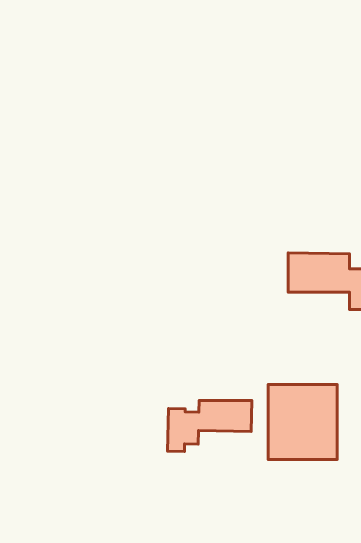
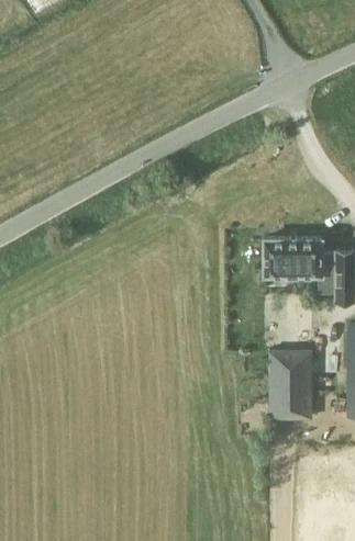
building: [168,400,252,452] -> none

